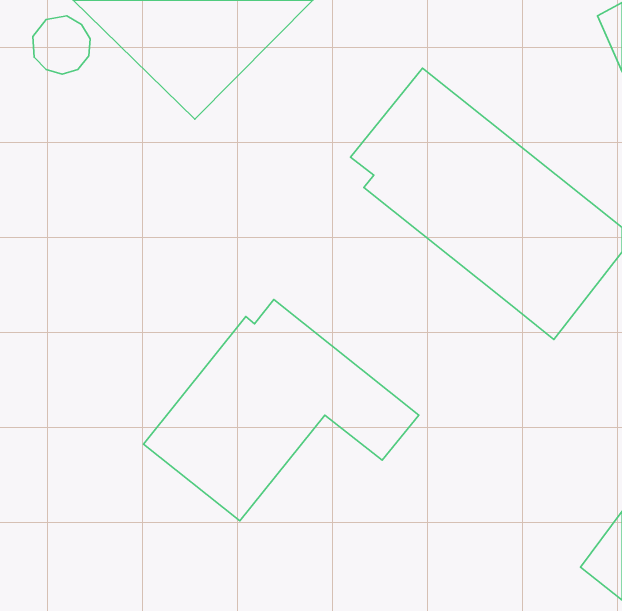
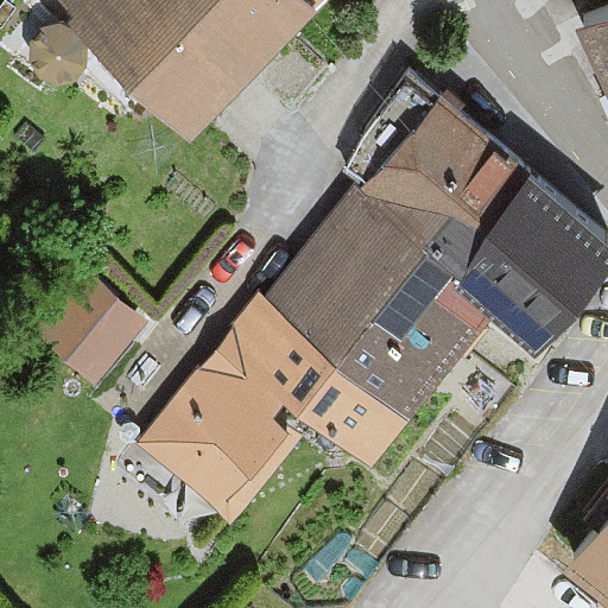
building: none -> [267,194,496,416]
building: none -> [30,268,144,382]

